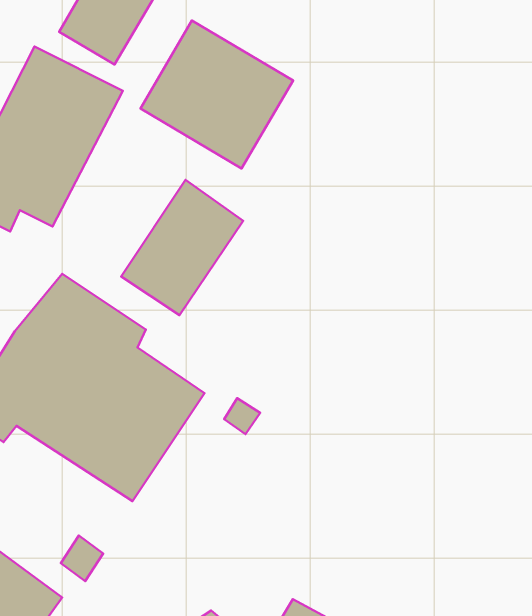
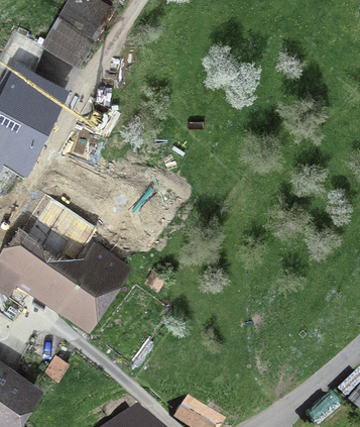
building: [140,20,293,169] -> none
building: [121,180,243,315] -> none

